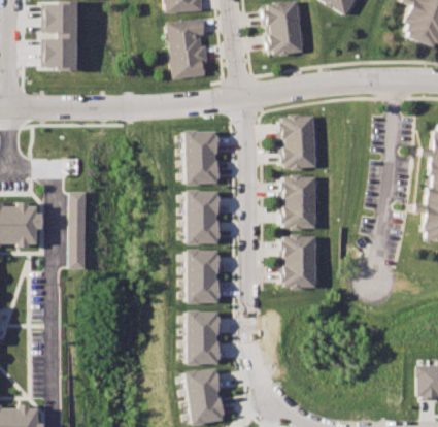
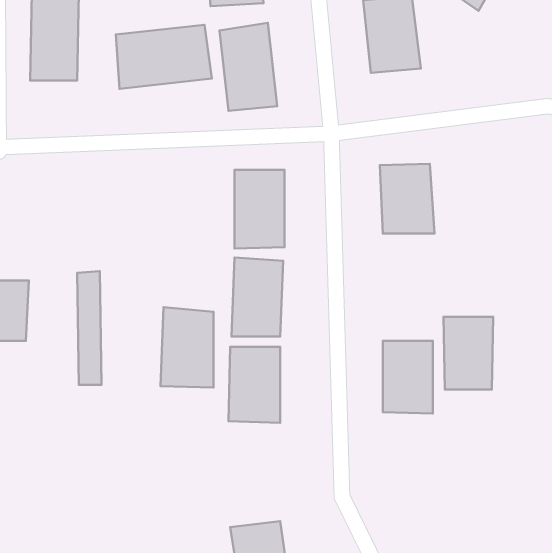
building: none -> [116,25,212,89]
building: [284,183,318,232] -> [443,317,493,389]
building: [178,305,214,360] -> [160,307,213,388]

